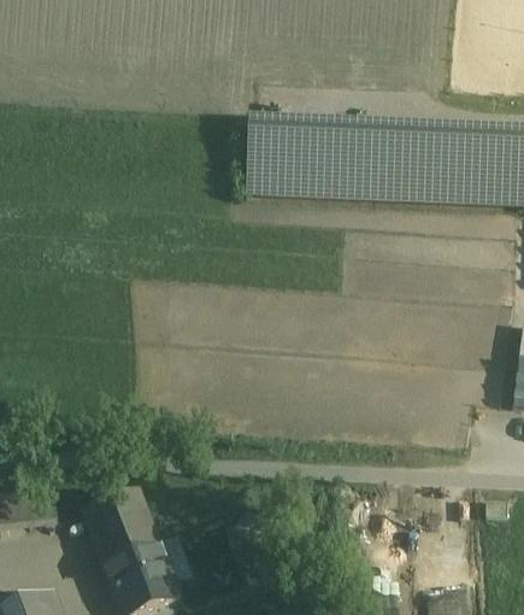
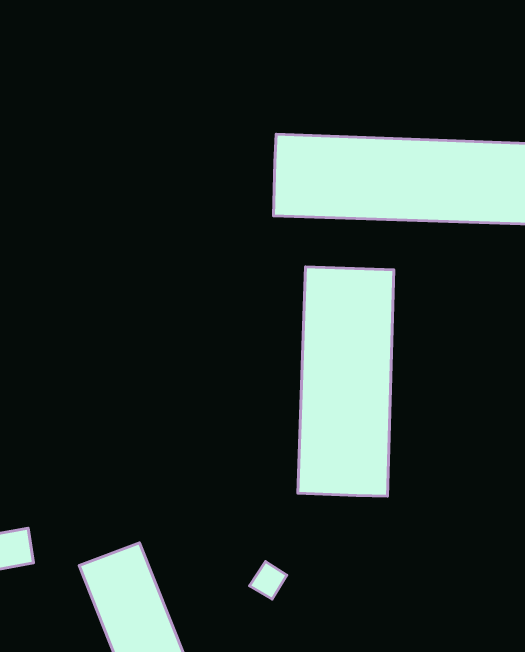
building: none -> [298,267,394,496]

